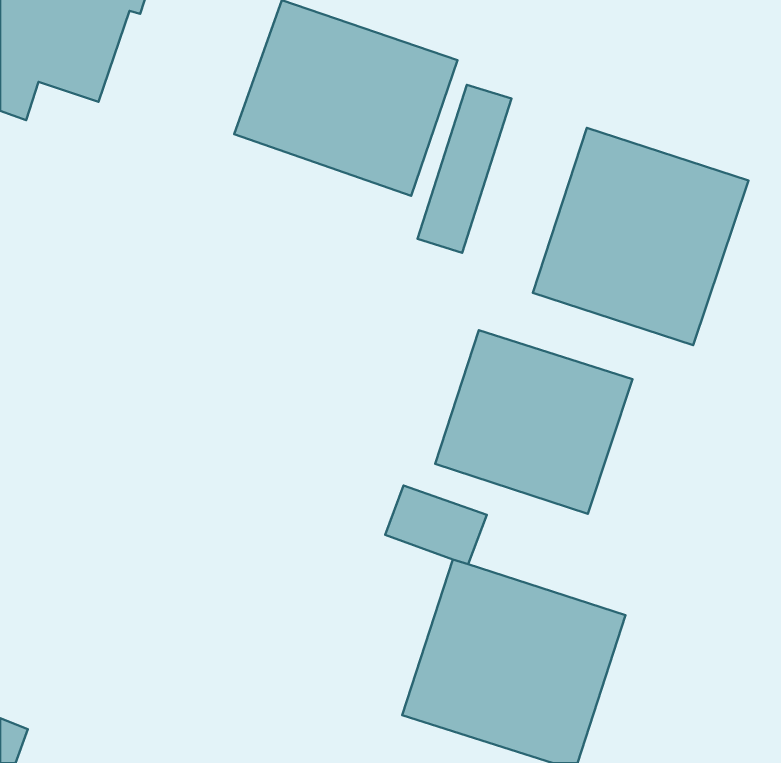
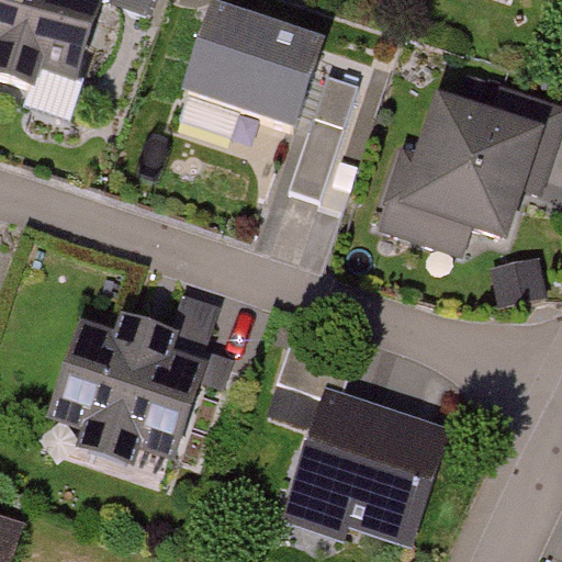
building: [435,330,632,514] -> none
building: none -> [40,307,207,467]

